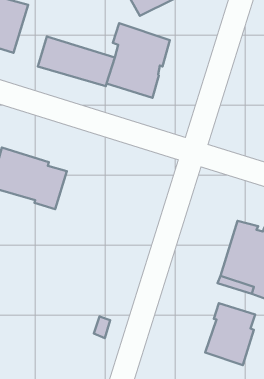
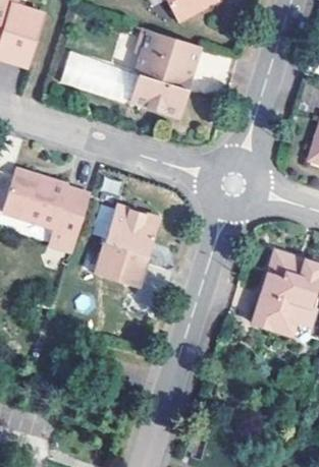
building: none -> [91,207,159,287]
building: [205,303,255,365] -> none

